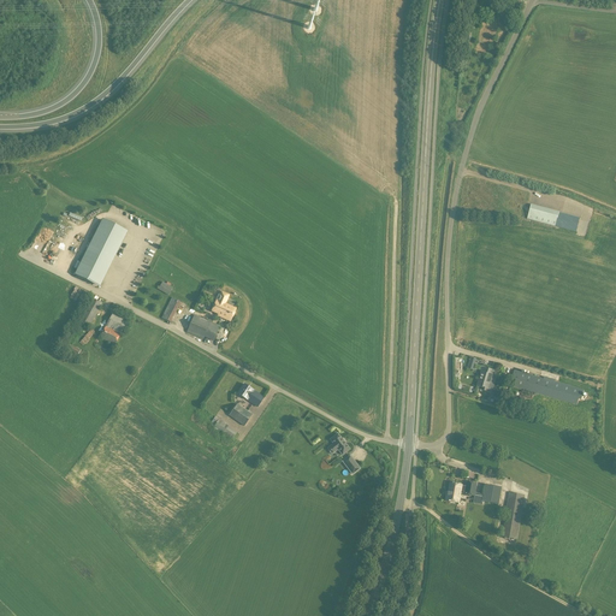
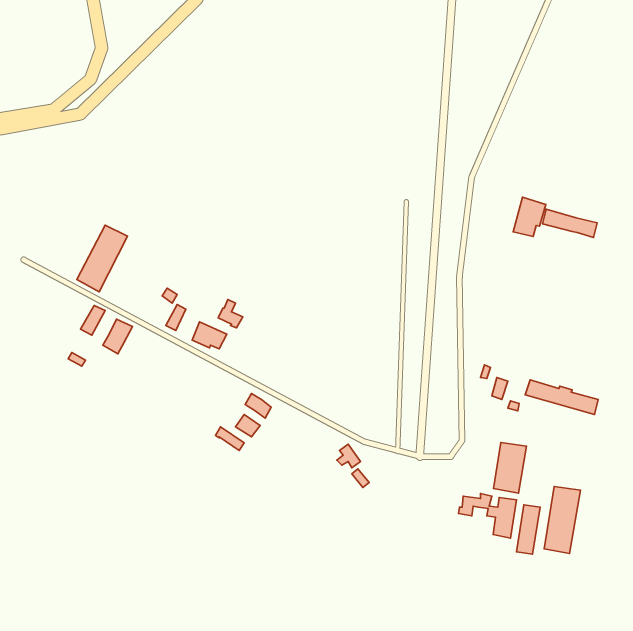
building: none -> [513,197,546,236]
building: none -> [494,442,526,493]
building: none -> [544,487,581,553]

